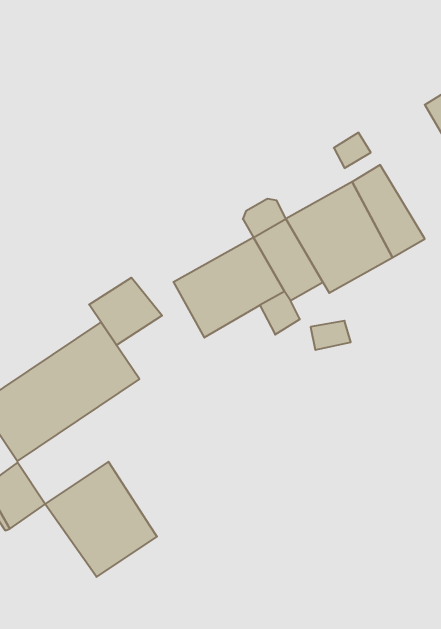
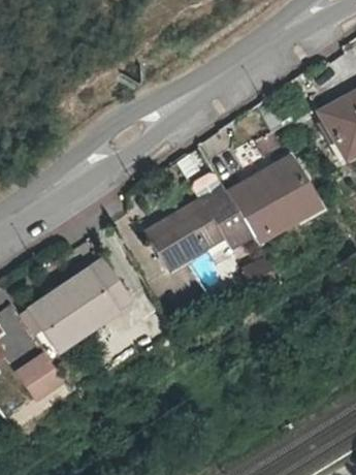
building: [89,278,162,345] -> none
building: [45,462,157,577] -> none

